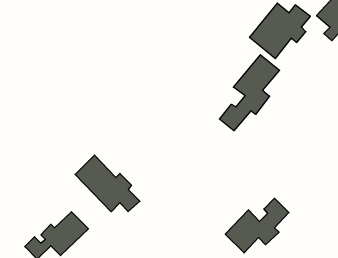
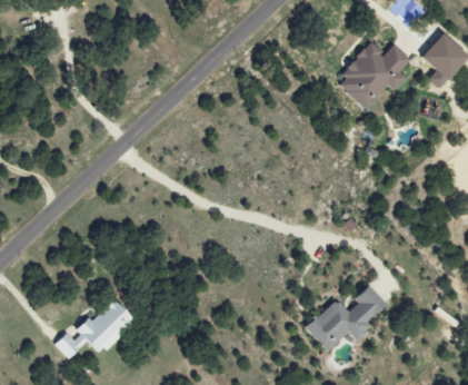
building: [219,55,280,131] -> none
building: [75,155,140,212] -> none

